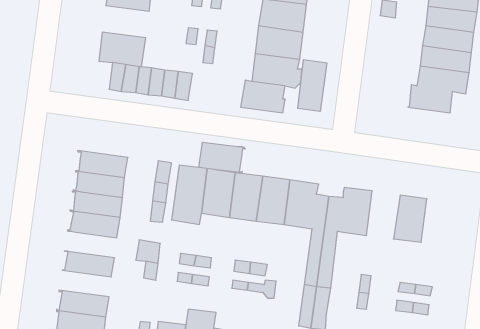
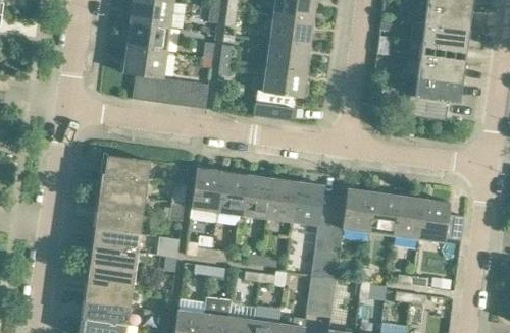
building: none -> [126,21,169,51]
building: [298,60,327,112] -> none
building: [199,142,245,173] -> none
building: none -> [368,190,399,234]
building: none -> [418,198,464,241]
building: none -> [92,227,140,252]
building: none -> [87,263,135,287]

